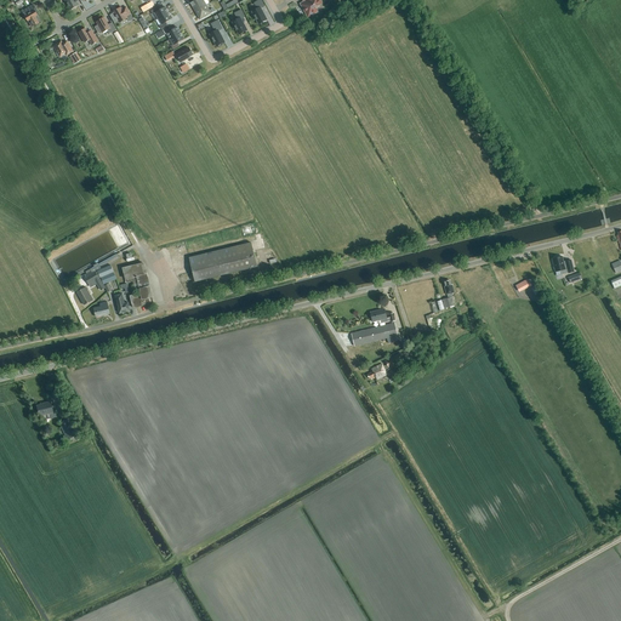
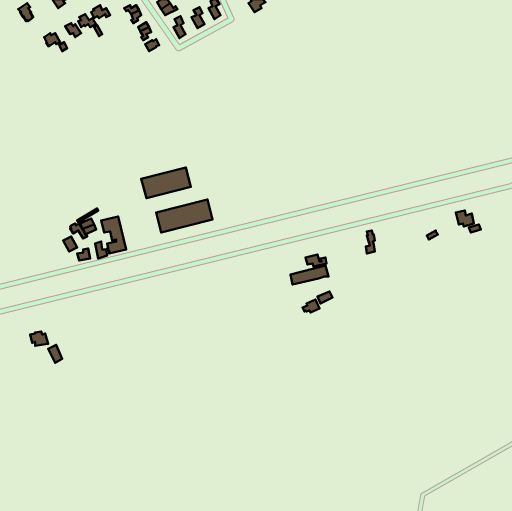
building: none -> [141,167,191,198]

